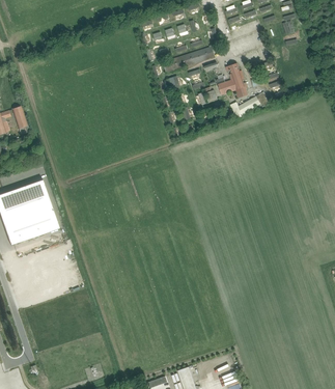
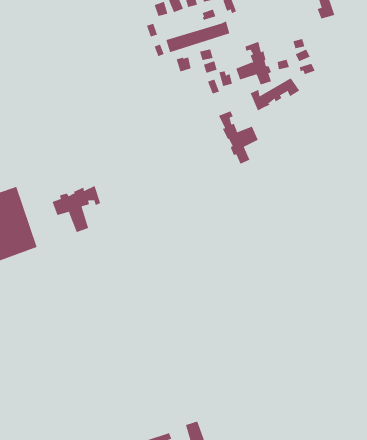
building: none -> [218,111,258,165]
building: none -> [52,185,101,233]

